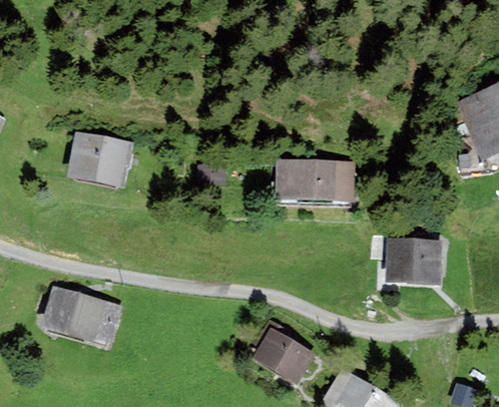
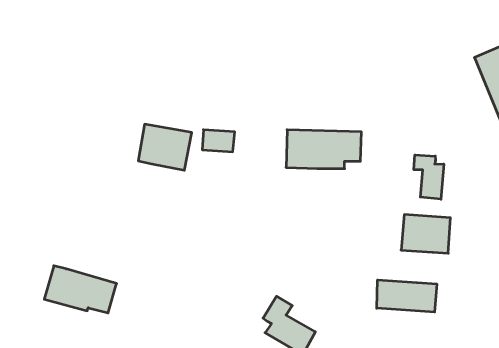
building: [75,137,126,181] -> [138,124,192,170]
building: none -> [414,155,444,199]
building: none -> [377,280,437,312]

